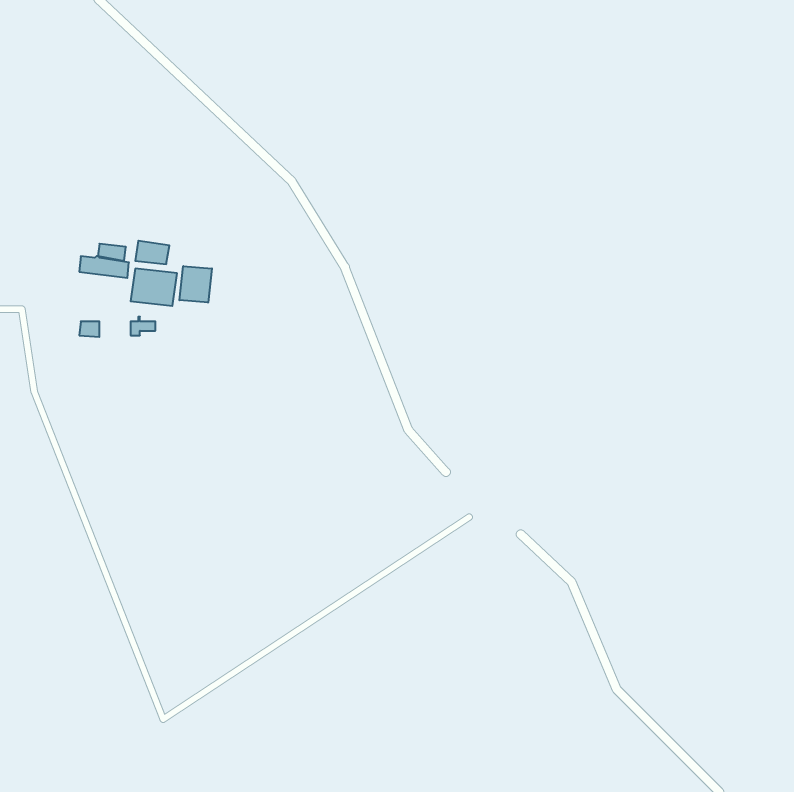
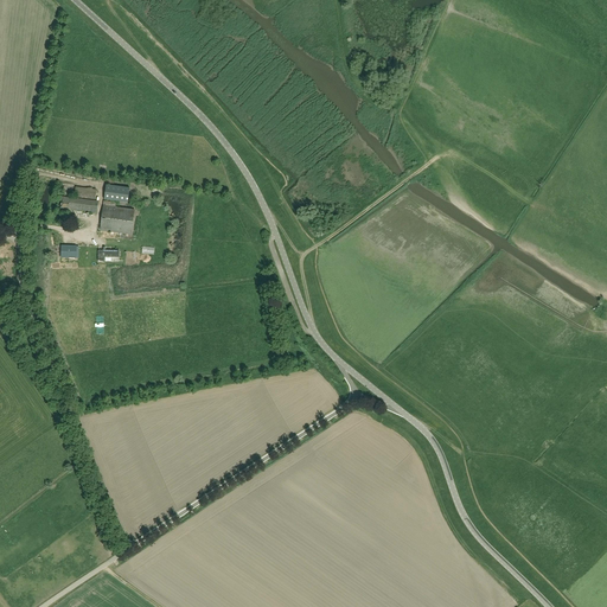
building: [179,266,212,303] -> none

